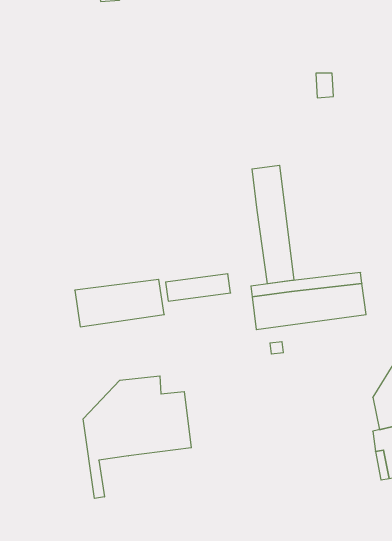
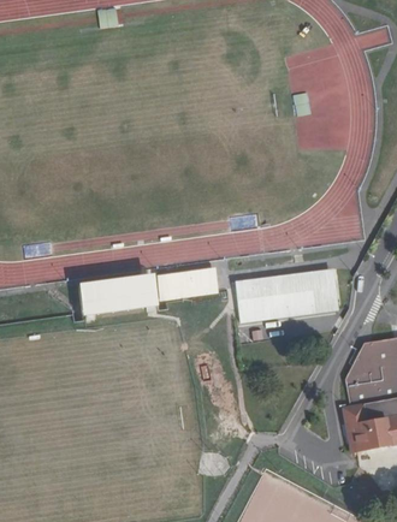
building: [252,165,294,284] -> none
building: [83,376,191,498] -> none

